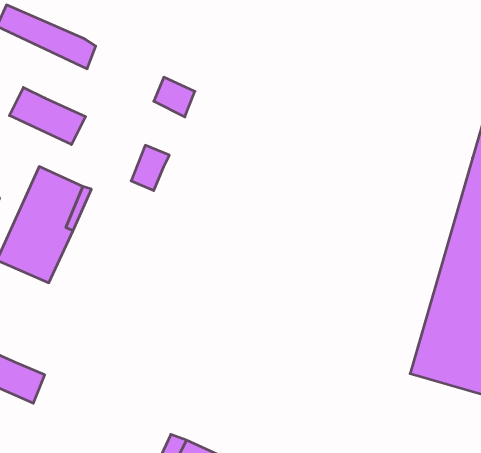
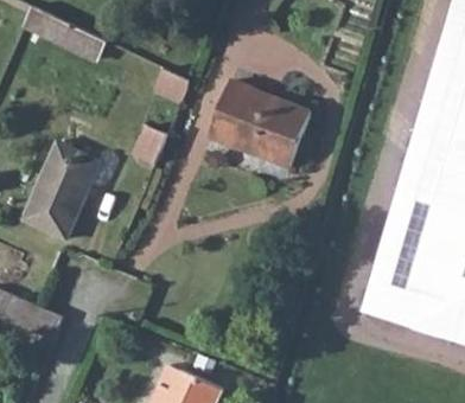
building: [9,87,86,145] -> none
building: none -> [206,81,311,168]

